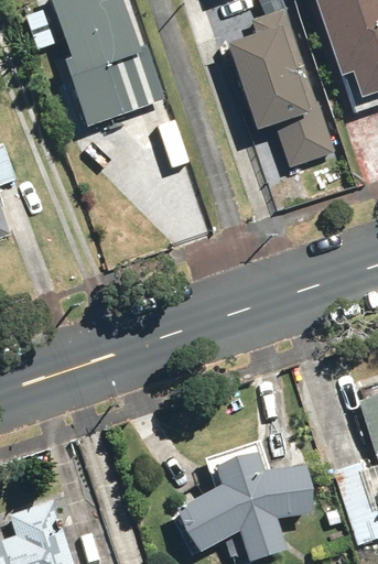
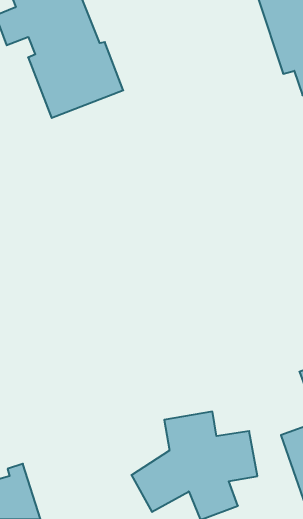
building: [227,8,345,169] -> none

